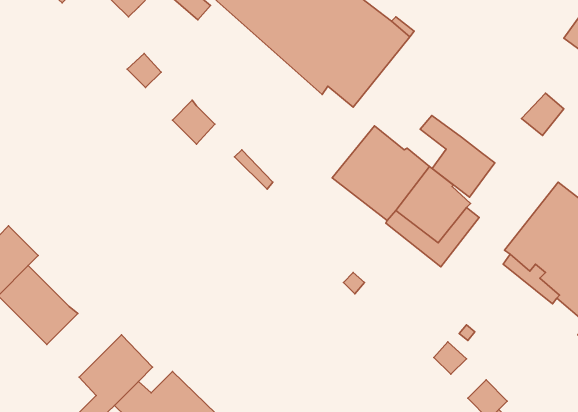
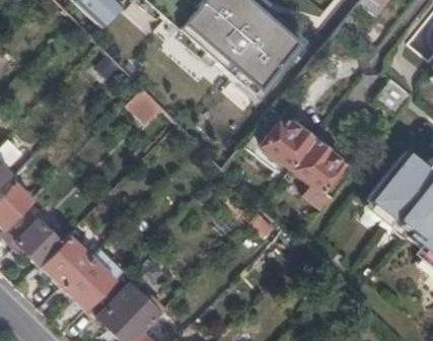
building: [420,115,495,197] -> none
building: none -> [42,234,95,288]

